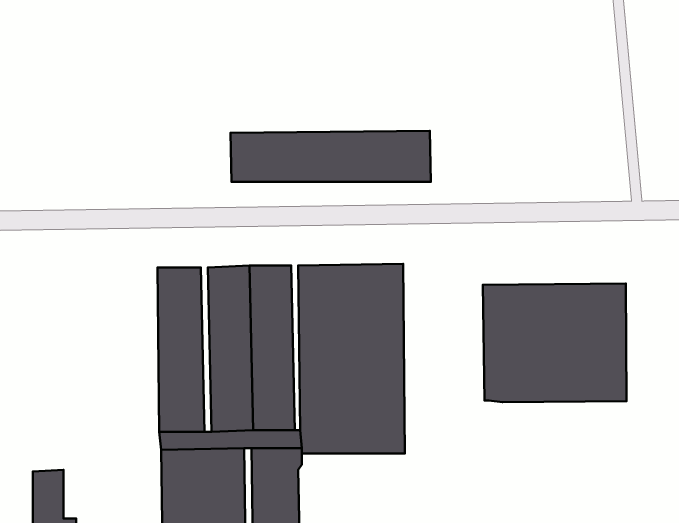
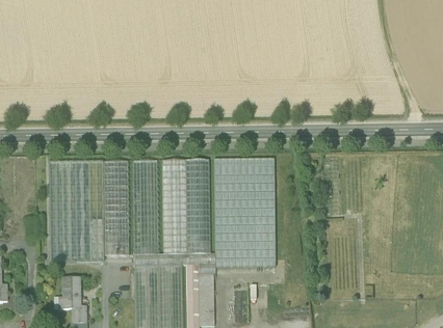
building: [231,131,431,182] -> none
building: none -> [49,160,129,262]
building: [483,283,626,402] -> none

